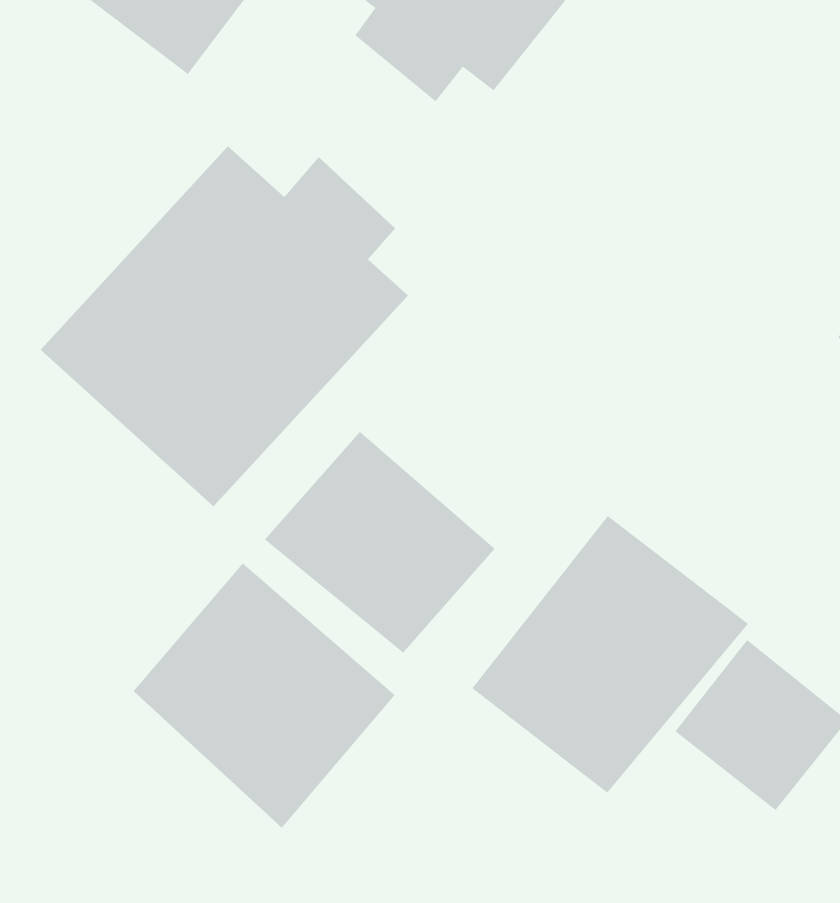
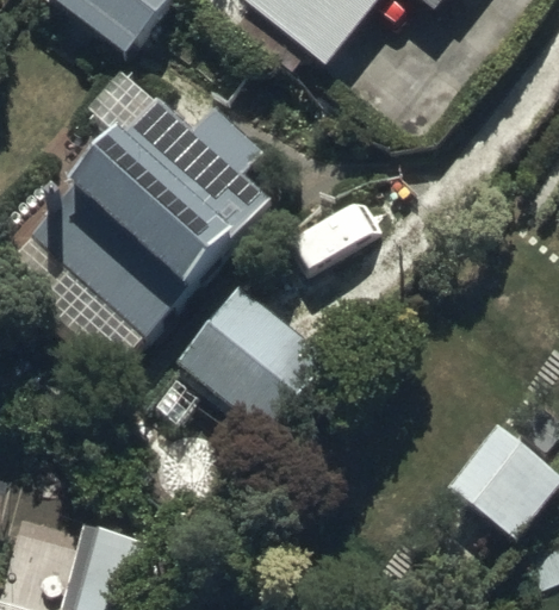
building: [472,515,749,794] -> none
building: [133,562,396,828] -> none

